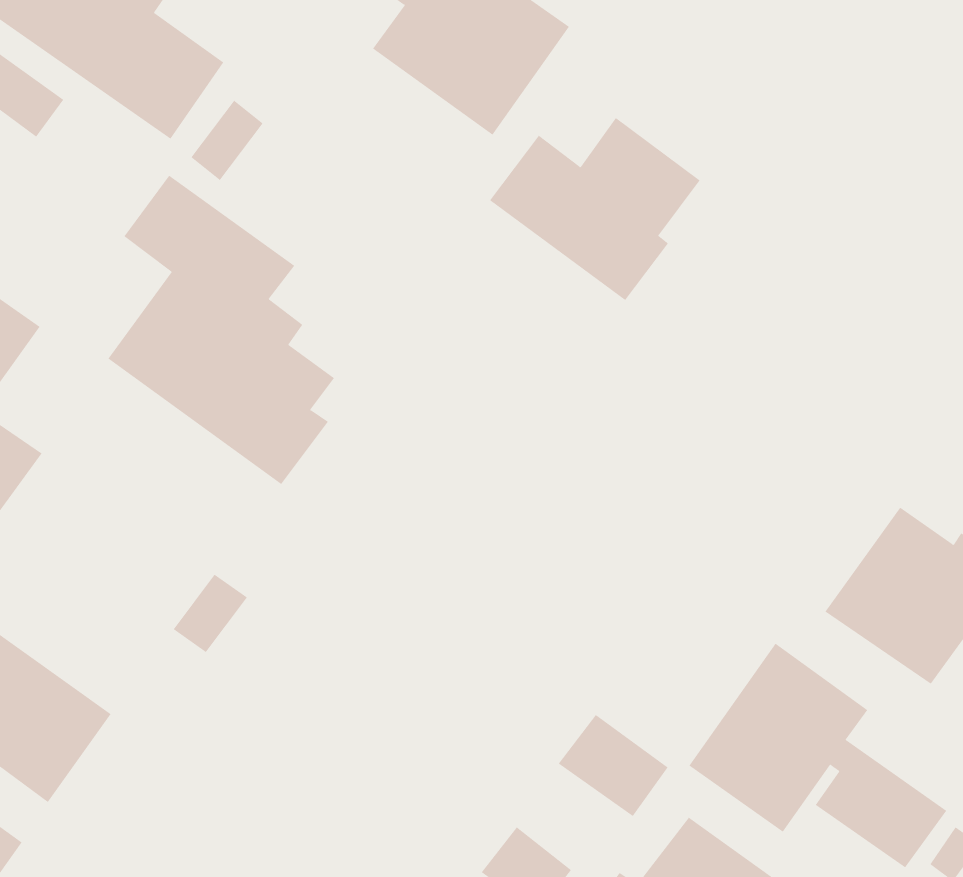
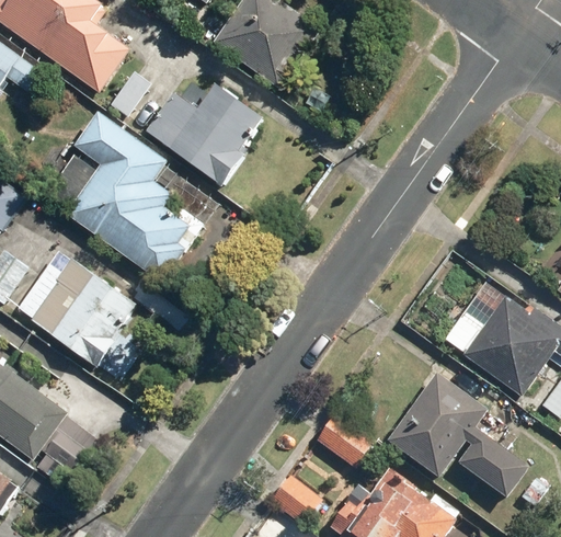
building: [489,117,701,301] -> [146,82,263,184]
building: none -> [14,248,137,366]
building: none -> [36,418,95,477]

